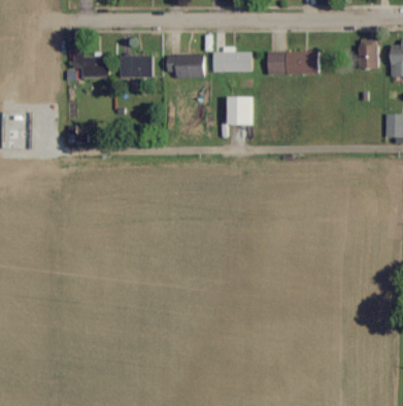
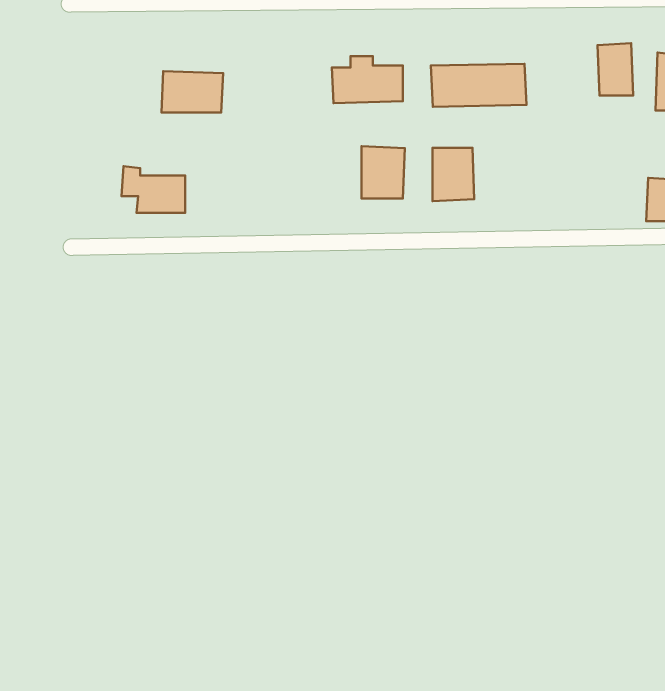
building: [72,52,107,77] -> [121,166,185,213]
building: [167,54,204,77] -> none
building: none -> [433,148,474,201]

